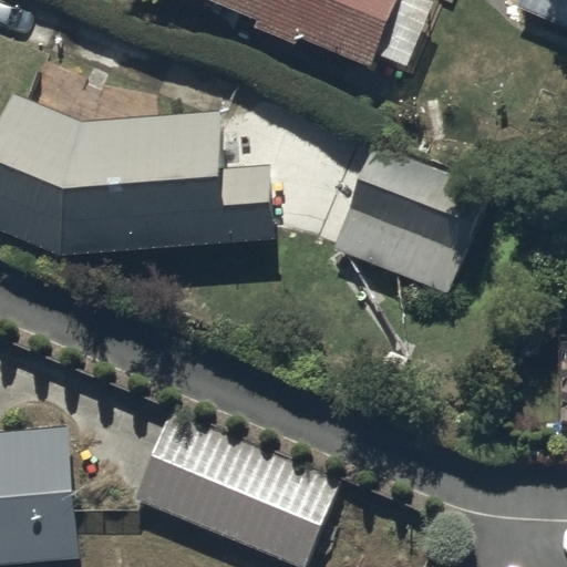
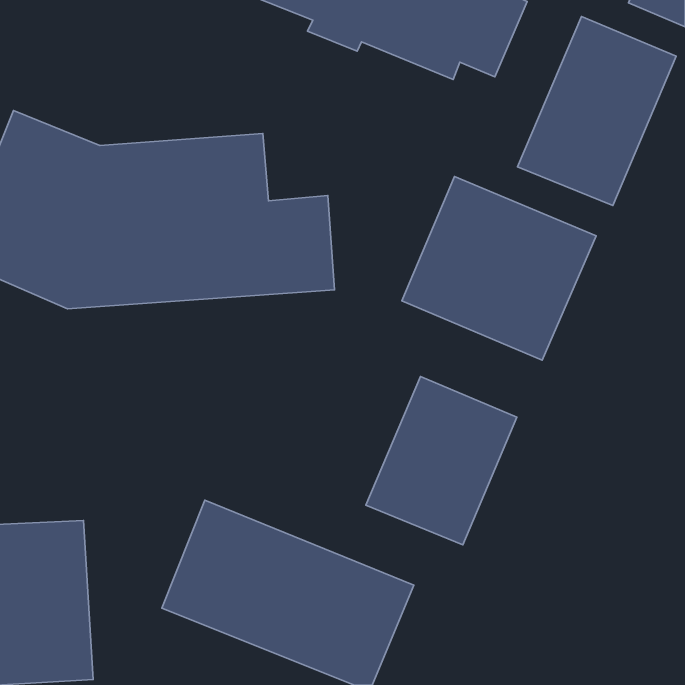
building: none -> [517,16,676,206]
building: none -> [366,377,517,545]

